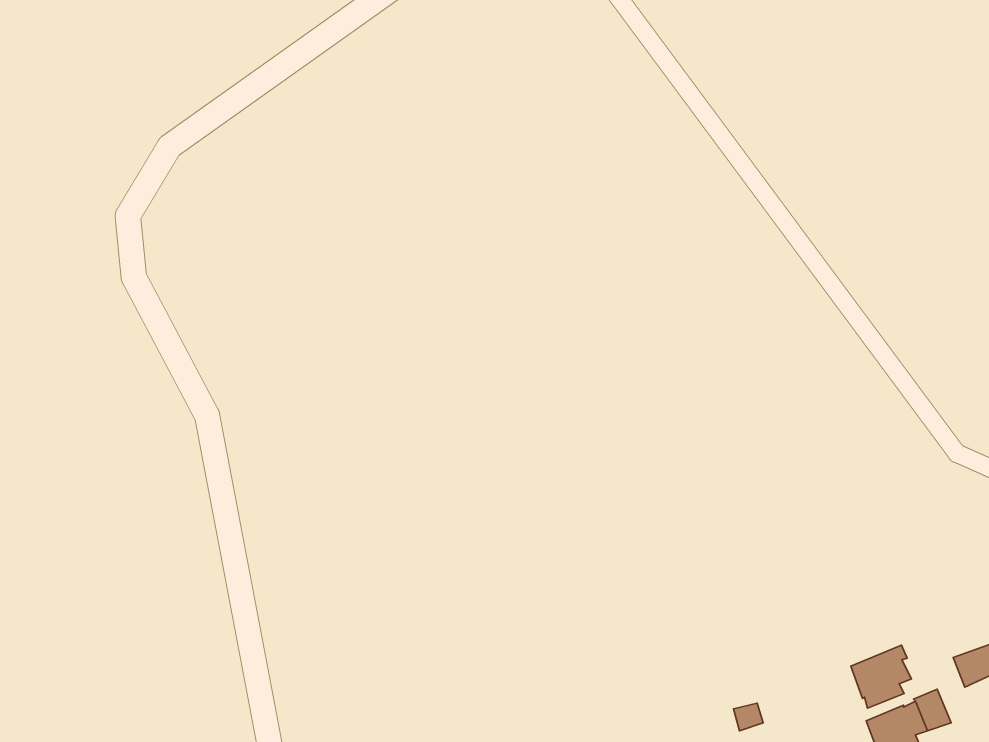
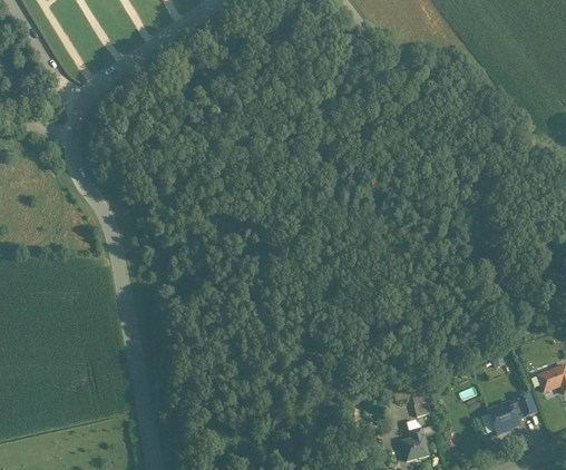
building: [851,645,912,708] -> none

